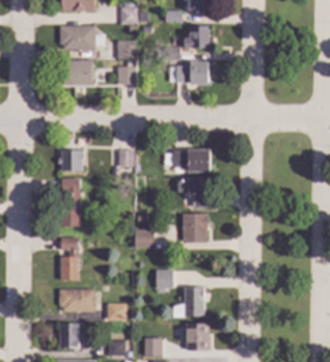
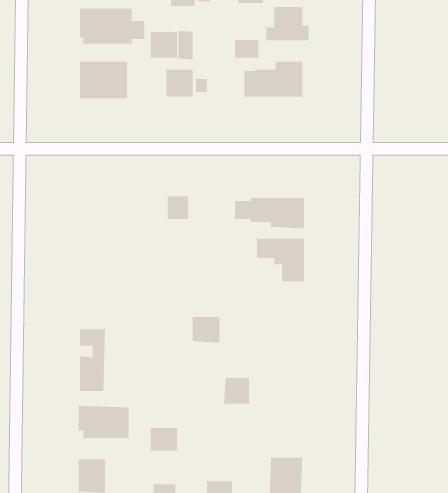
building: [58,149,83,169] -> none
building: [61,178,80,225] -> none
building: [183,213,207,242] -> none
building: [173,286,208,315] -> none

